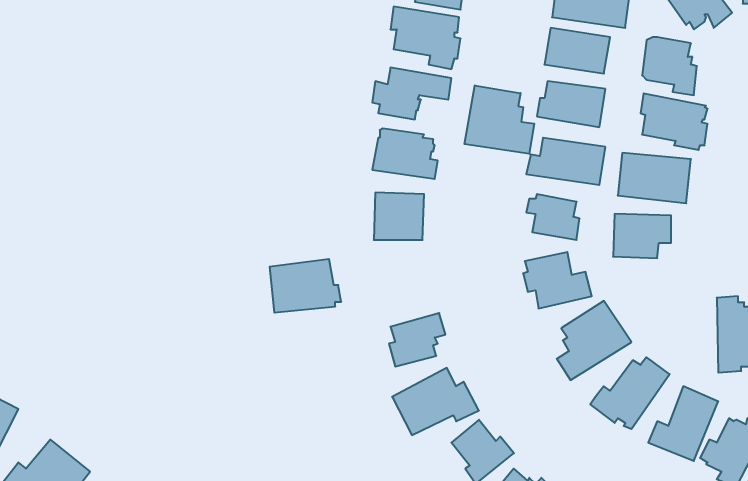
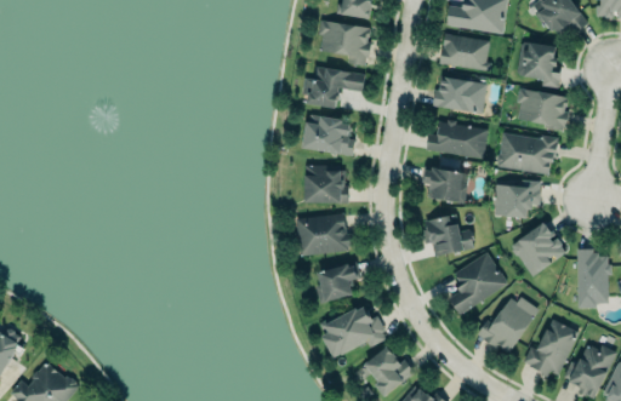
building: [464,85,534,154] -> none
building: [270,259,341,313] -> [296,212,353,254]
building: none -> [511,220,565,276]

